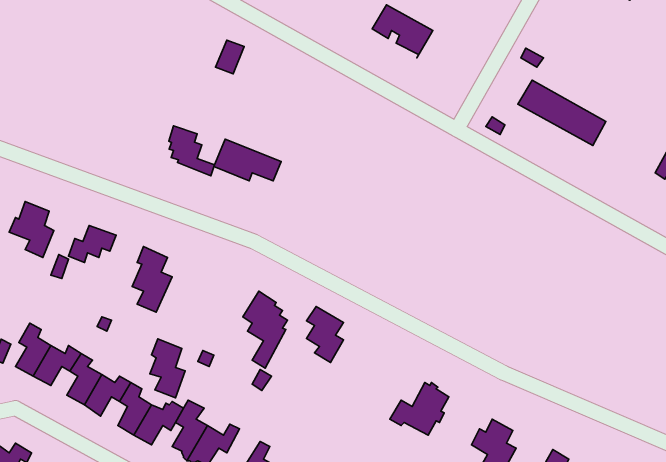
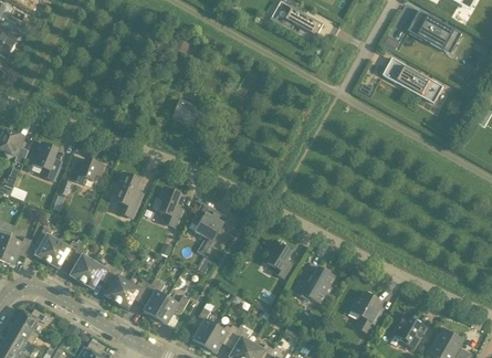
building: none -> [410,10,463,50]
building: [169,126,214,176] -> none
building: [307,306,343,362] -> [266,240,292,278]
building: [150,339,185,398] -> [158,187,182,228]

